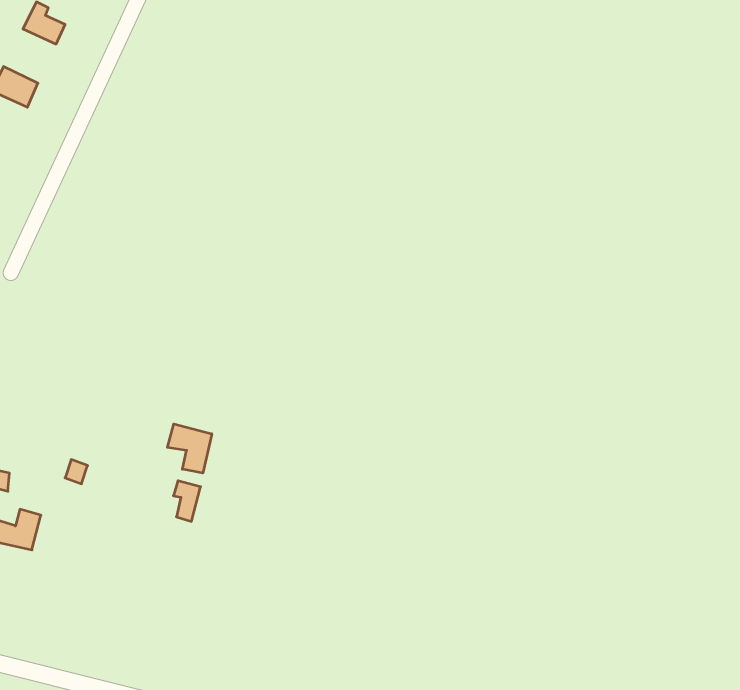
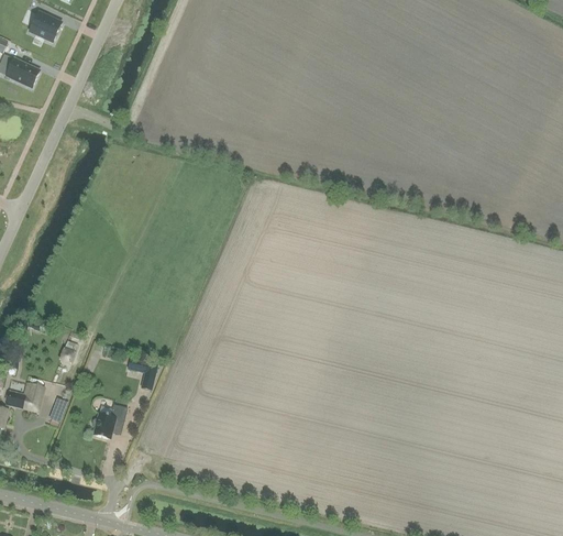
building: [167,424,212,473] -> none
building: none -> [91,405,126,438]

